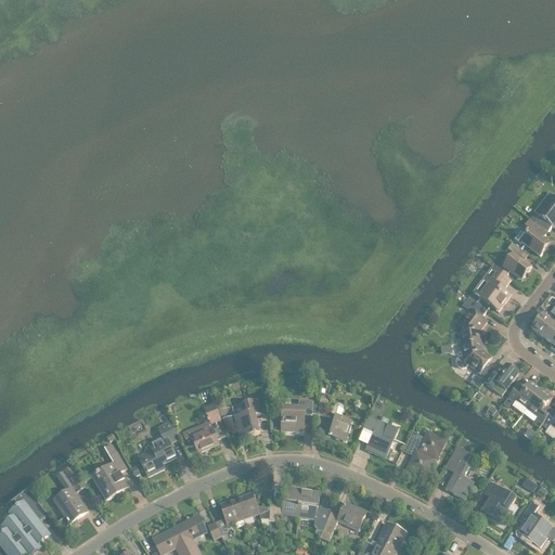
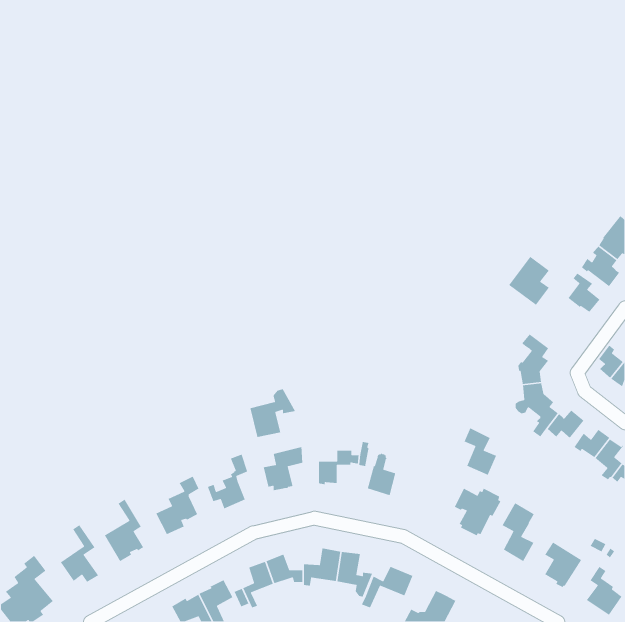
building: [474,266,511,310] -> [508,256,550,306]
building: none -> [250,388,296,438]
building: [363,414,393,457] -> [464,427,498,476]

